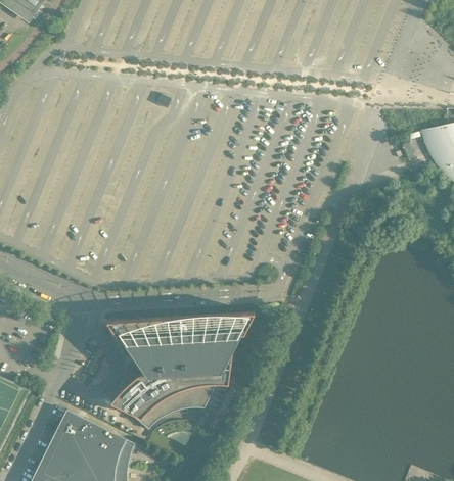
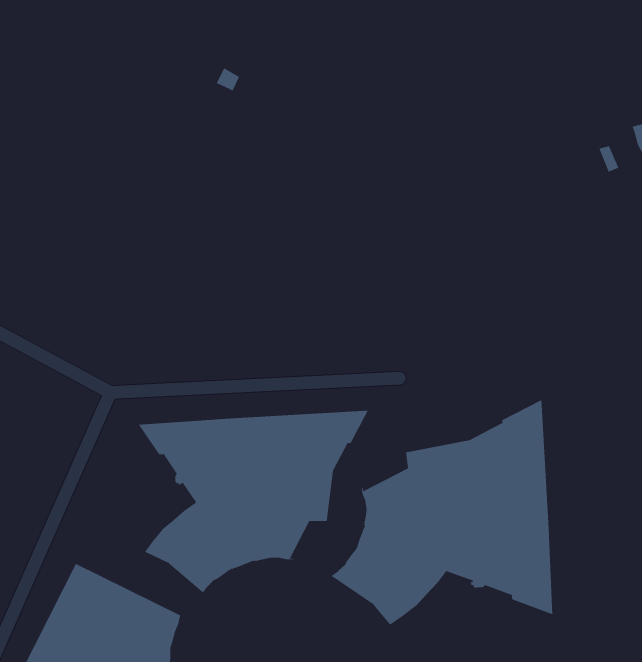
building: none -> [330,399,553,625]

